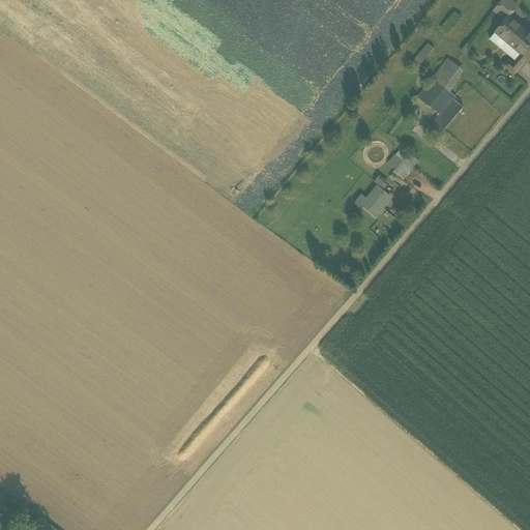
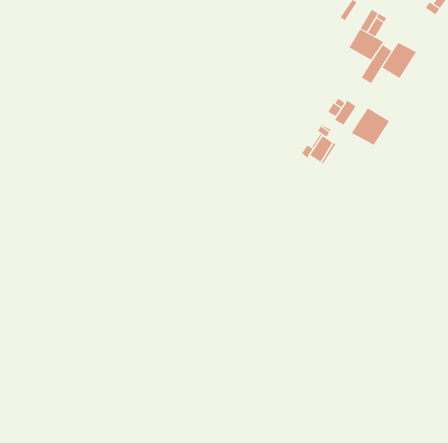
building: none -> [381,42,417,79]
building: none -> [351,108,390,145]

